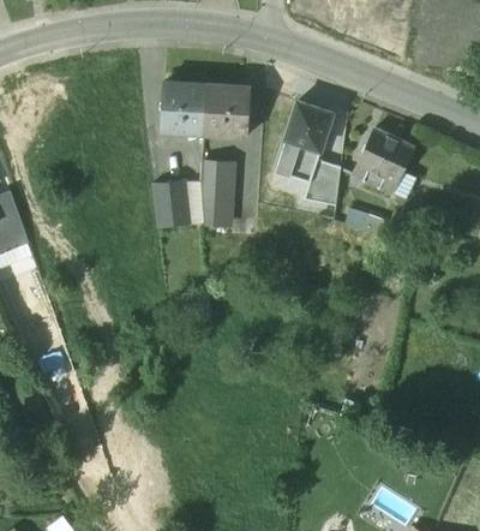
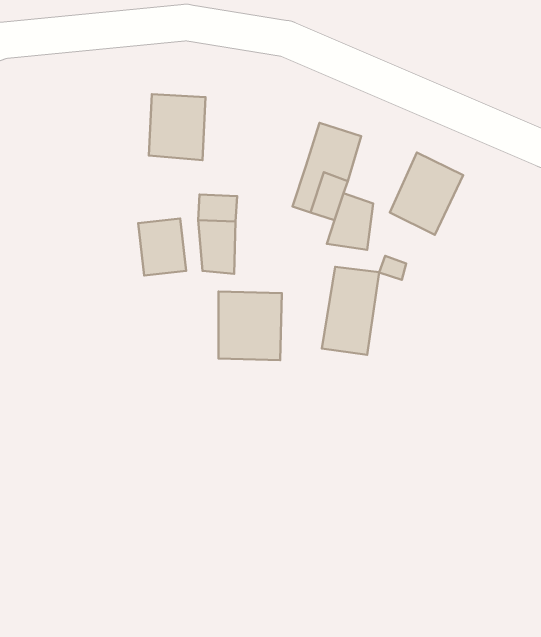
building: [204,84,250,137] -> none
building: none -> [322,267,379,355]
building: none -> [218,291,282,360]

